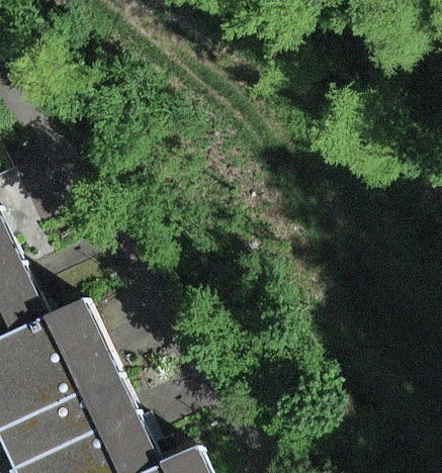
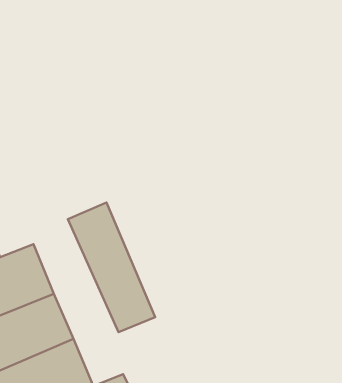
building: none -> [68,203,155,332]

